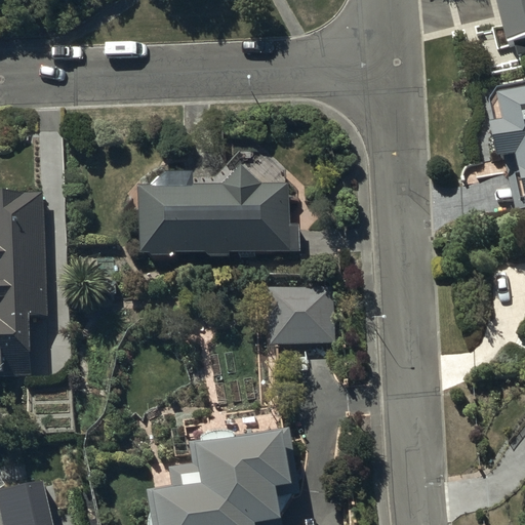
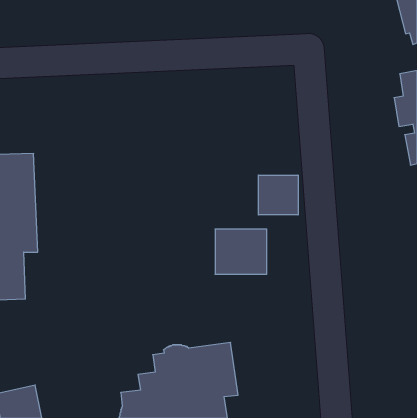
building: [140,165,299,257] -> none
building: none -> [258,175,298,215]

